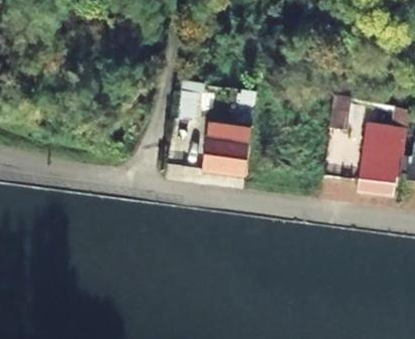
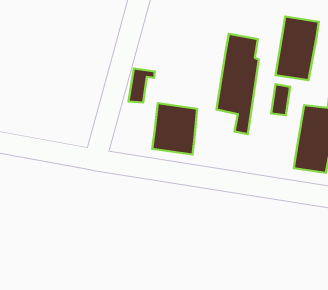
building: none -> [275,17,319,80]
building: none -> [217,34,259,134]

